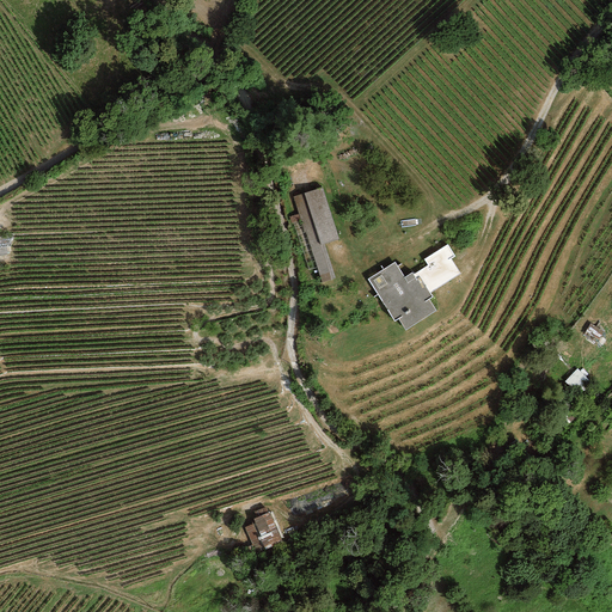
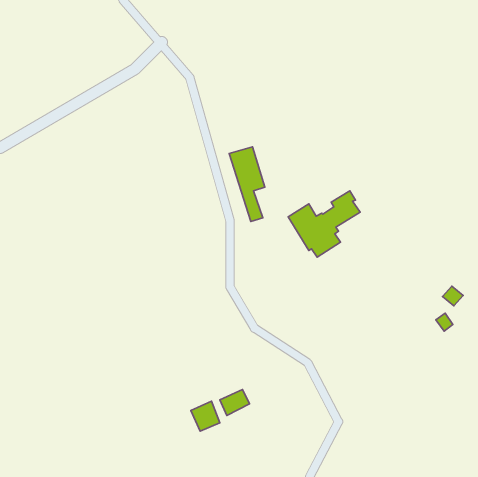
building: none -> [220,390,250,415]

